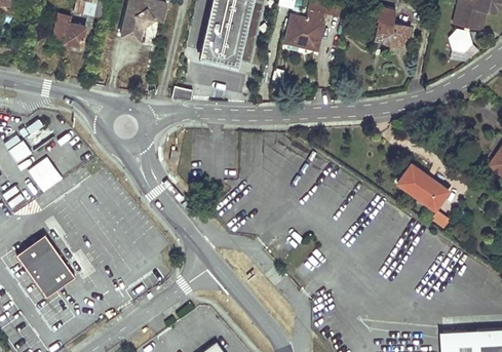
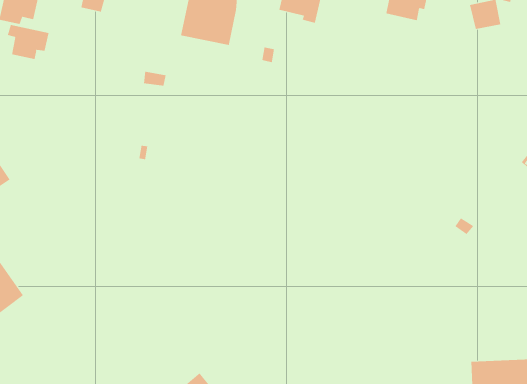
building: none -> [7,24,49,60]
building: [396,164,448,209] -> none

